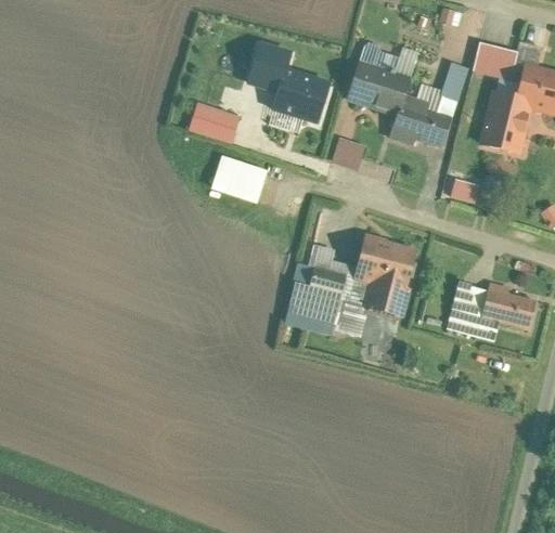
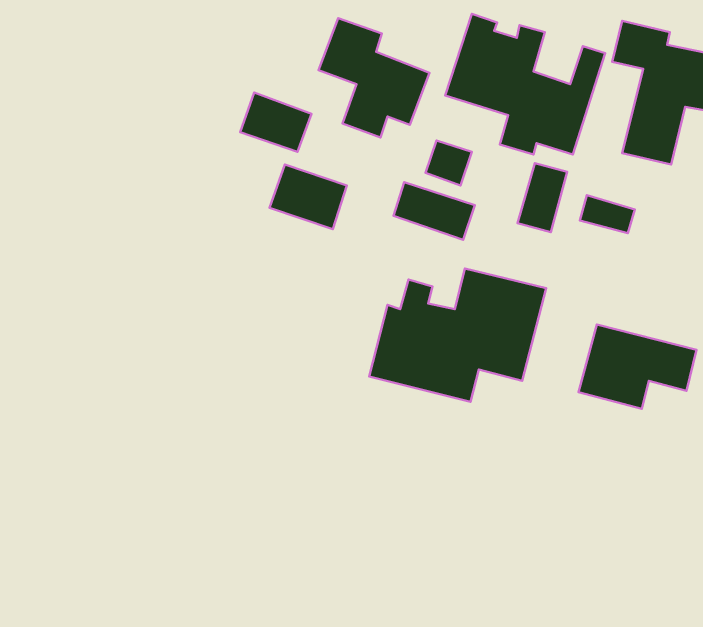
building: none -> [518,163,567,232]
building: none -> [393,182,475,240]

